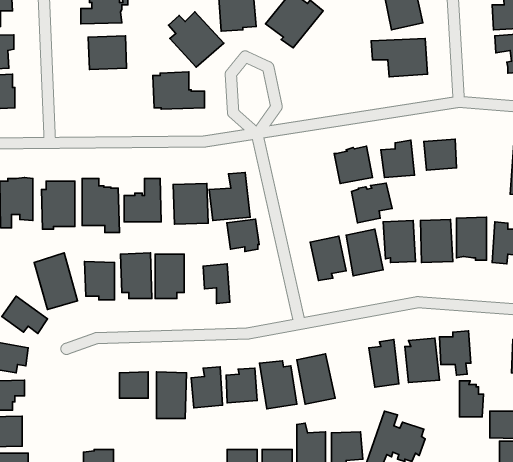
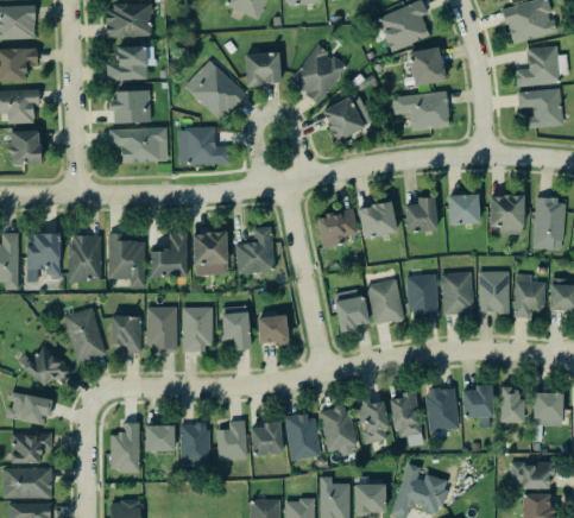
building: none -> [323,94,373,140]
building: none -> [109,126,166,162]
building: none -> [490,192,523,233]
building: [351,183,392,223] -> [317,208,358,247]
building: [227,219,259,252] -> [257,312,289,345]
building: none -> [355,397,389,443]
building: none -> [112,423,141,472]
building: [459,381,483,417] -> [500,385,524,421]

